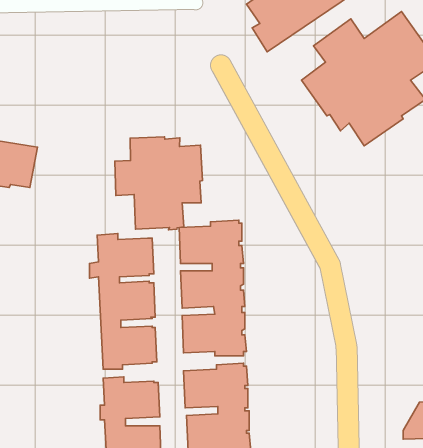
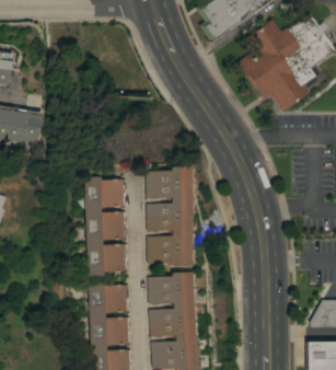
building: [115,137,202,230] -> none

